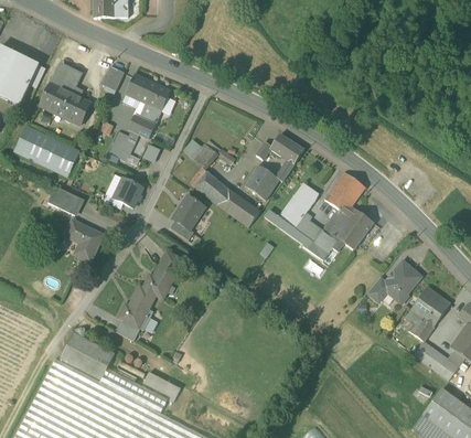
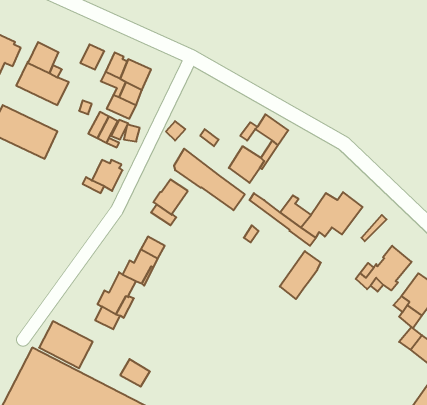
building: [324,172,365,216] -> none
building: [279,182,319,228] -> [280,251,321,299]
building: [47,186,83,215] -> none
building: [64,220,103,263] -> none

